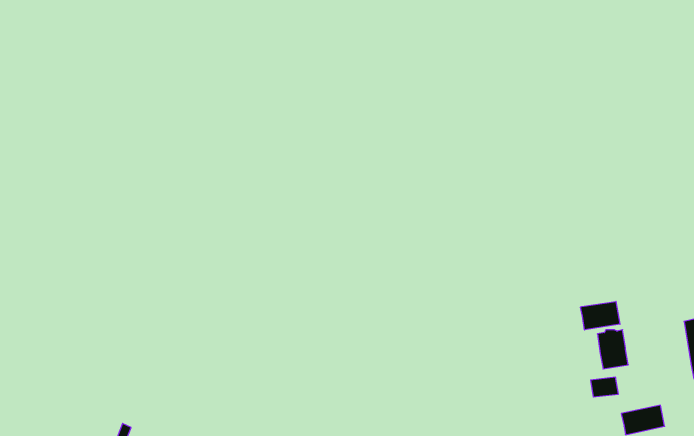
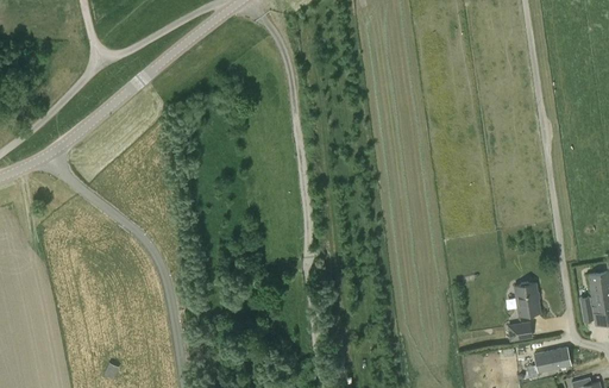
building: [581,301,620,330] -> none

